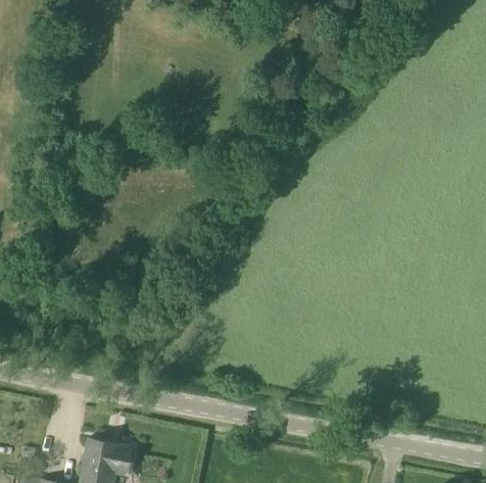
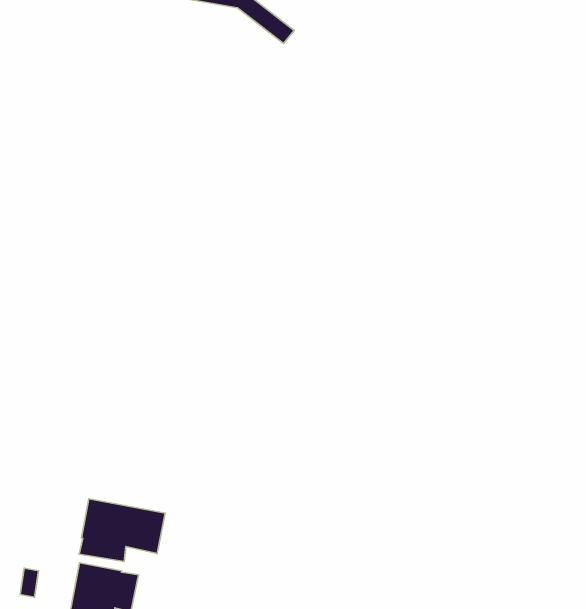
building: none -> [79,499,165,562]

